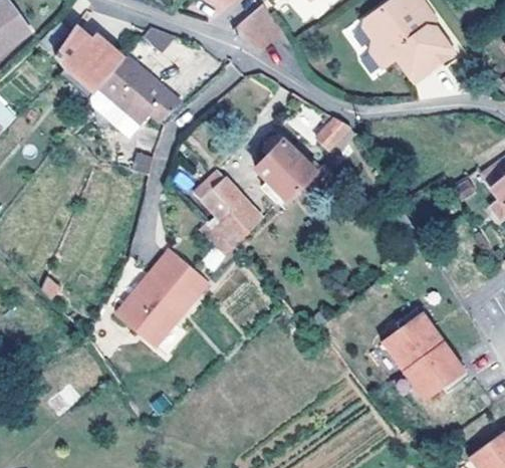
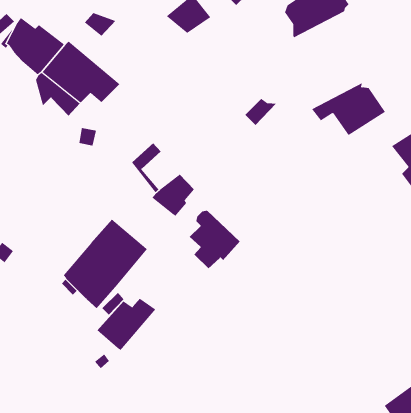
building: [370,23,452,81] -> [311,82,386,136]
building: [258,135,314,199] -> [189,210,241,269]
building: [206,176,247,217] -> none
building: [384,307,469,397] -> none
building: none -> [97,298,156,351]

